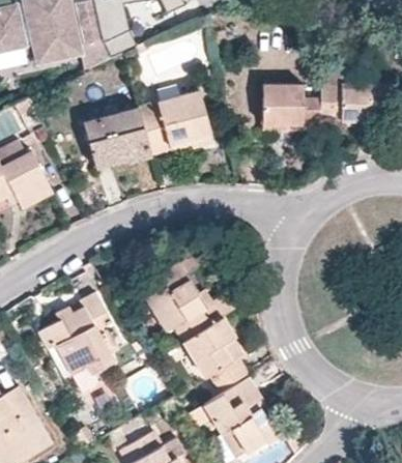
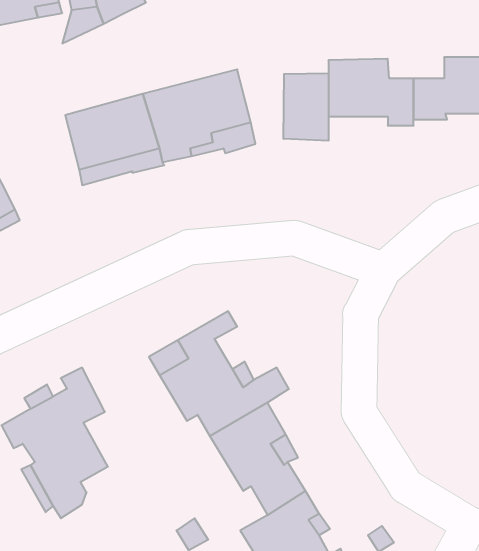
building: none -> [284,73,328,141]

